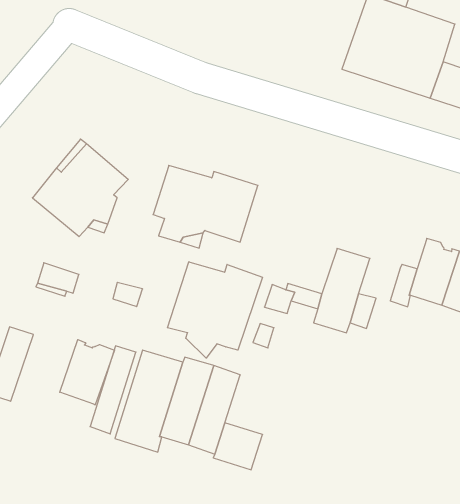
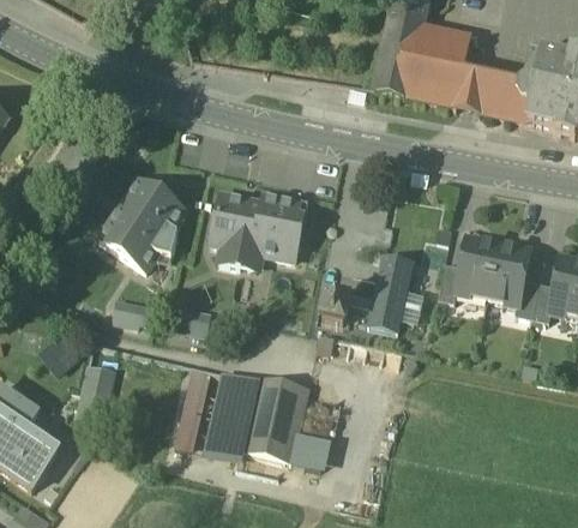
building: [167,262,262,358] -> none
building: [60,340,114,405] -> none

